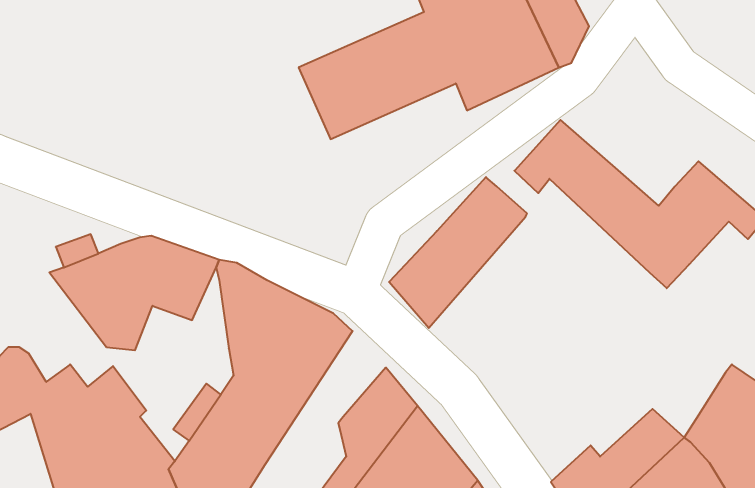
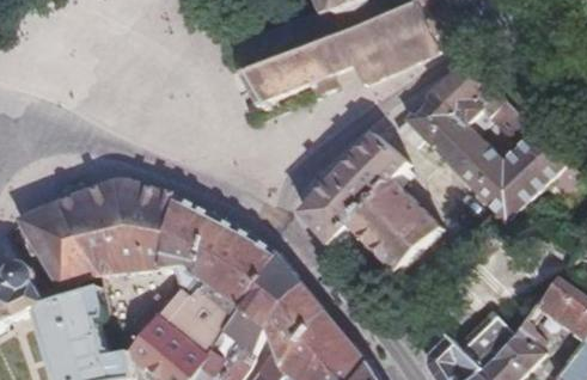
building: none -> [430,63,534,143]
building: none -> [348,166,439,276]
building: none -> [110,204,181,266]
building: none -> [18,208,93,294]
building: none -> [208,252,299,364]

